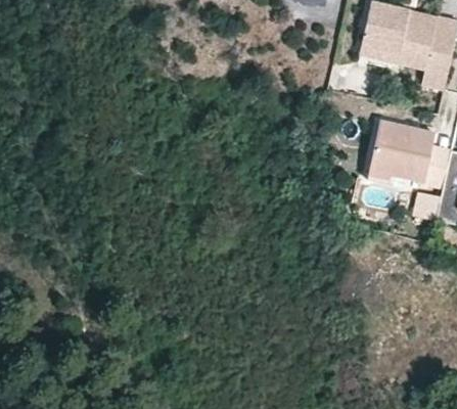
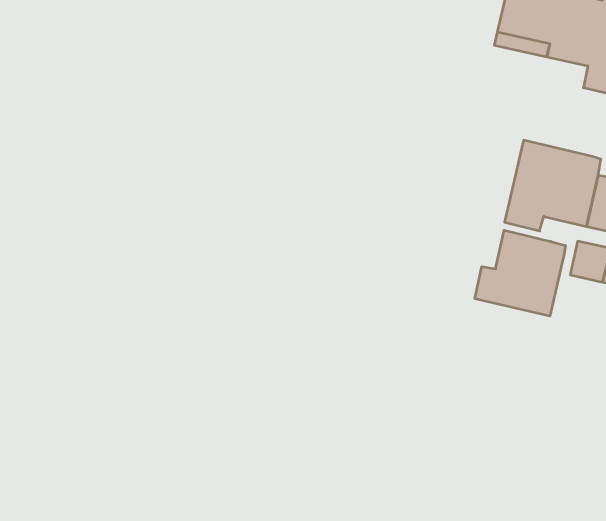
building: none -> [475,230,565,316]

